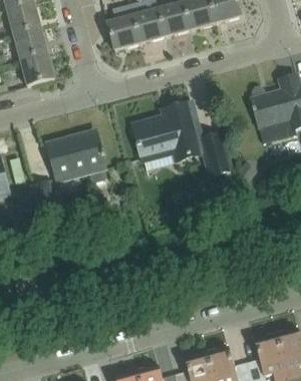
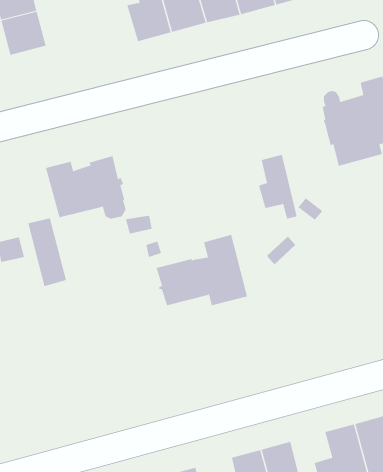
building: [20,53,54,86] -> none
building: [134,103,203,156] -> [156,234,248,306]

